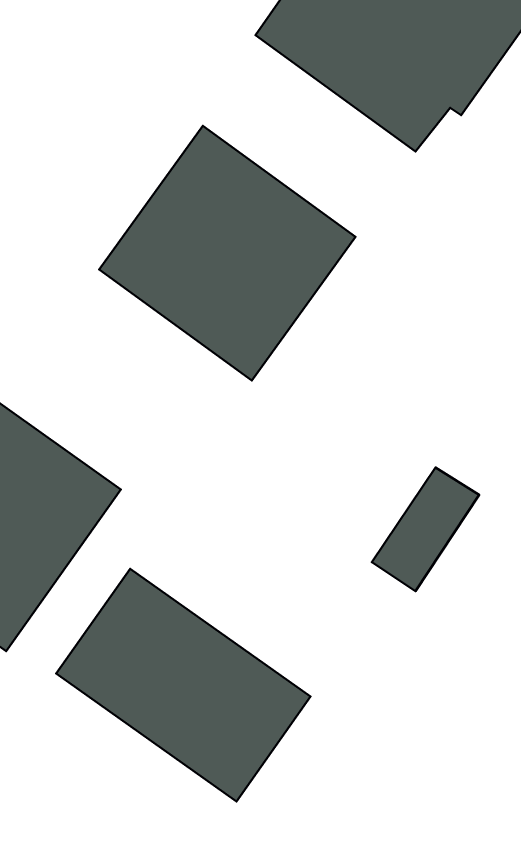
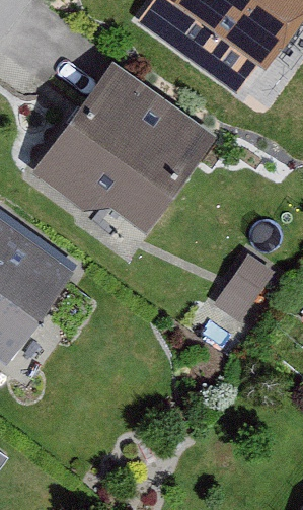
building: [56,569,311,801] -> none

